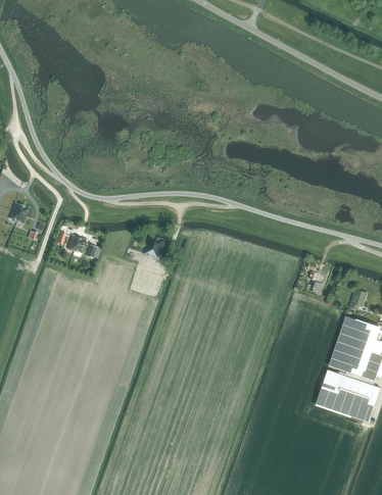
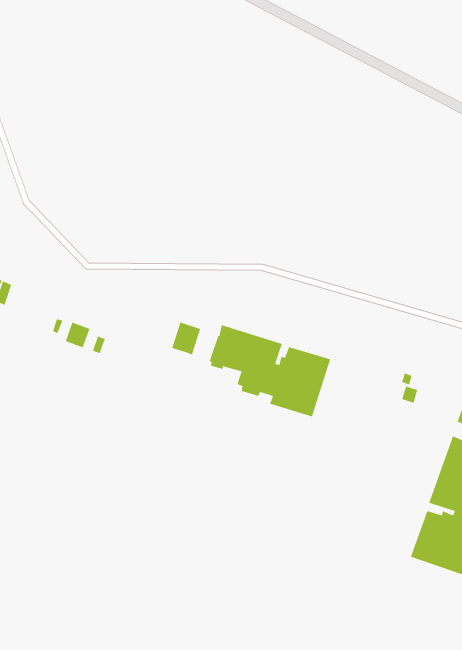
building: none -> [209,324,331,418]

